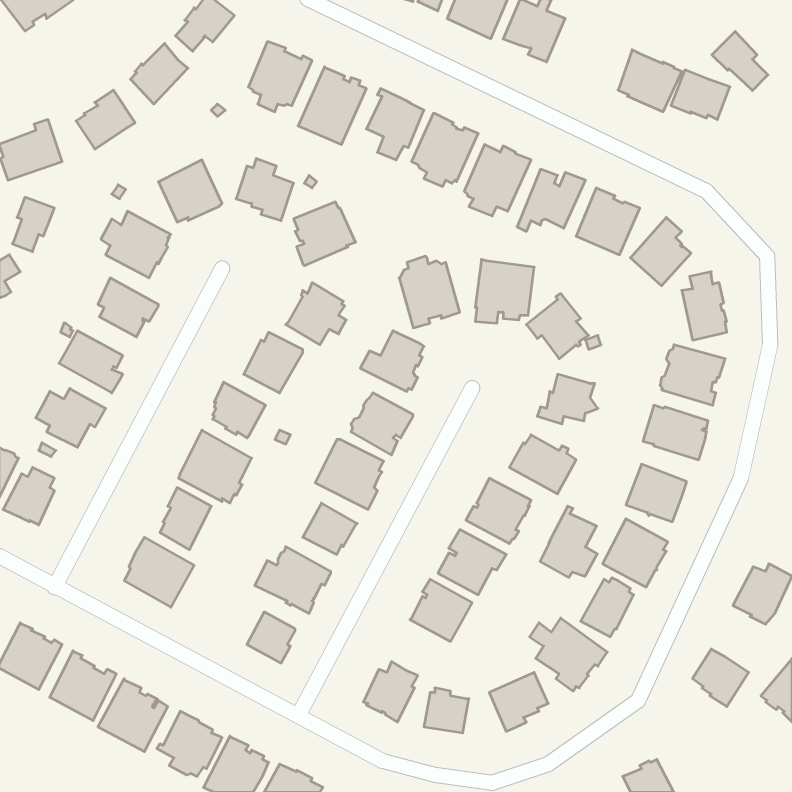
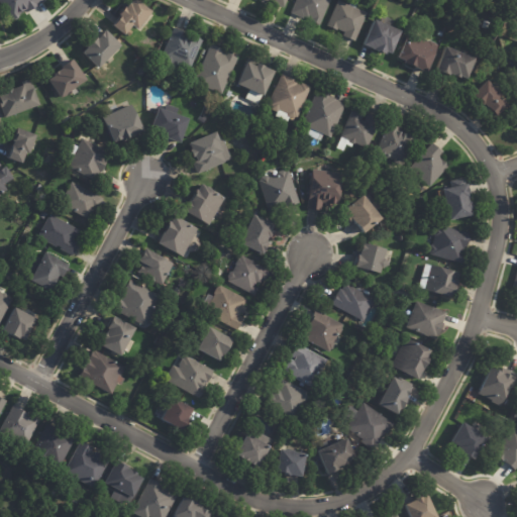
building: none -> [364,13,402,53]
building: [712,31,768,91] -> [474,78,510,116]
building: [540,506,597,577] -> none

